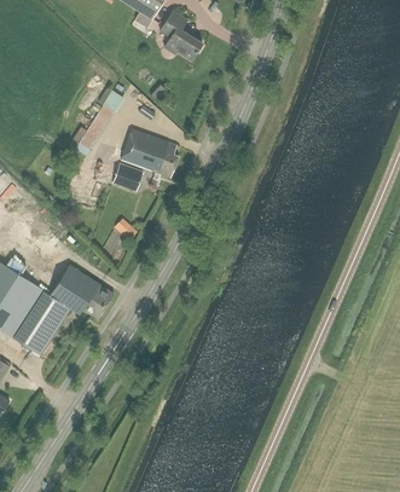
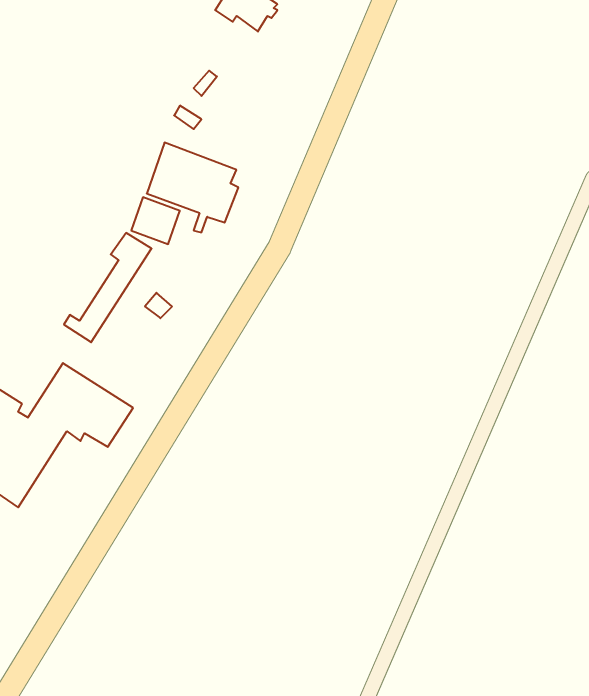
building: [68,88,122,156] -> [64,233,152,342]

